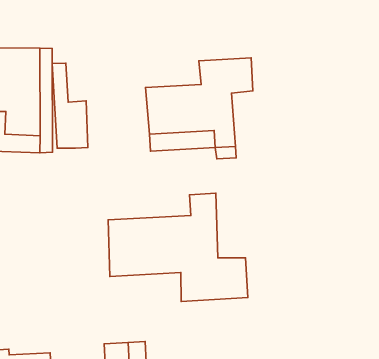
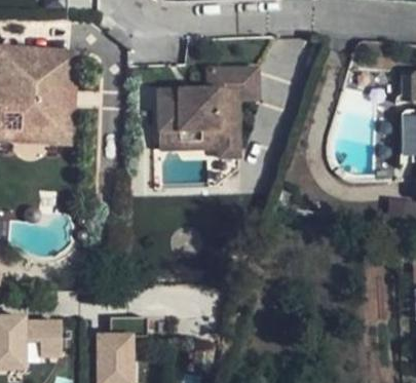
building: [52,63,88,148] -> none
building: [108,193,248,301] -> none

